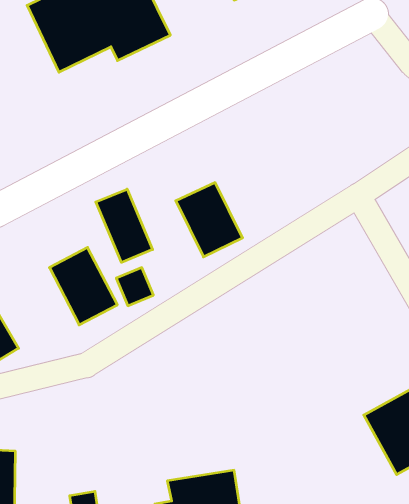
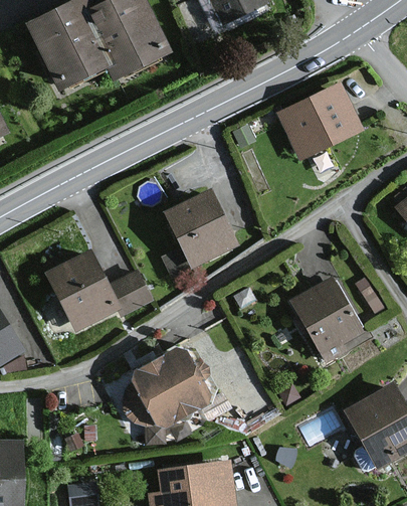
building: none -> [281,86,360,157]
building: [96,189,153,262] -> none
building: none -> [296,281,364,357]
building: none -> [128,348,211,428]

